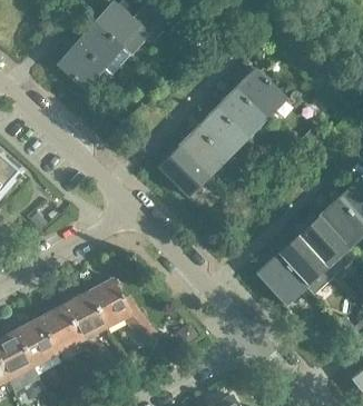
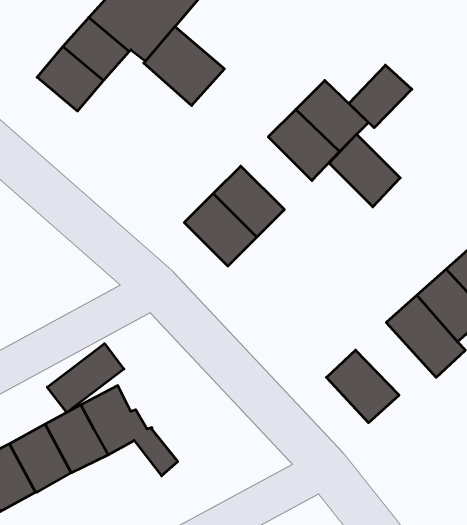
building: none -> [144,27,224,106]
building: none -> [349,65,412,128]
building: [197,108,246,158] -> [329,134,400,207]
building: [276,236,332,293] -> none
building: none -> [47,344,124,413]

